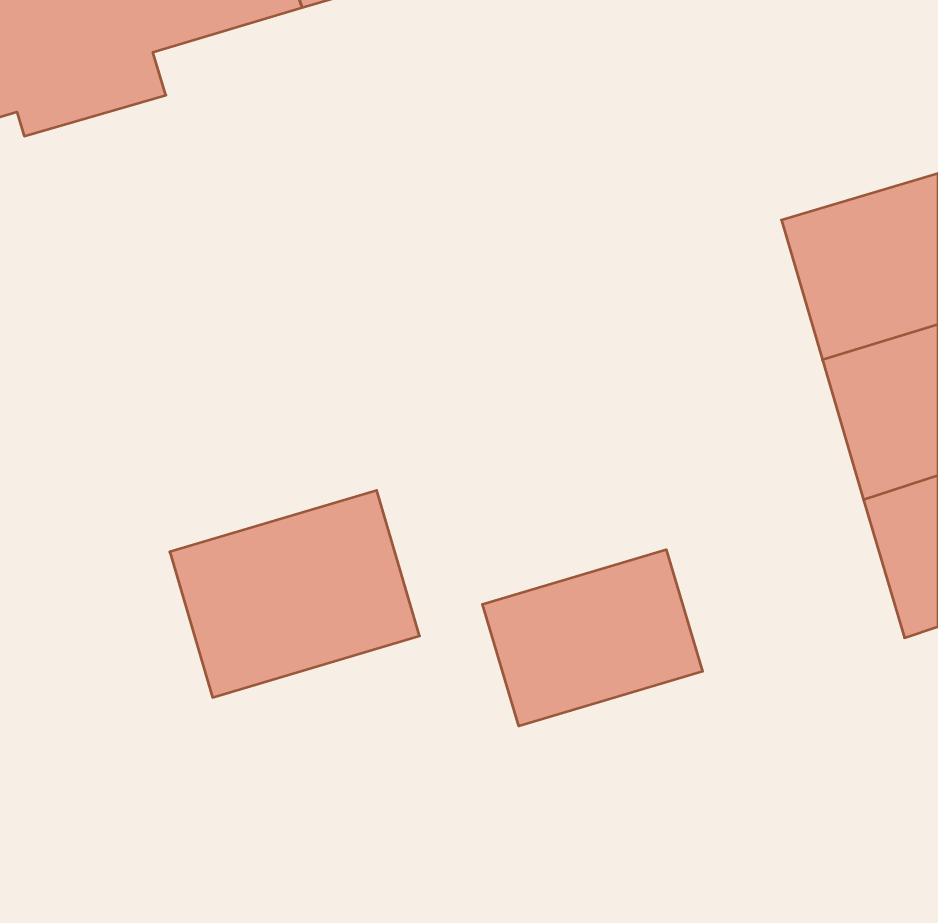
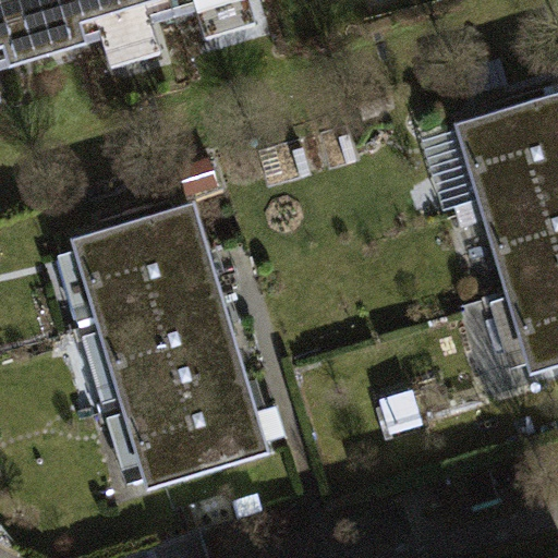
building: none -> [73,202,220,323]
building: [482,550,703,726] -> none
building: none -> [124,372,270,493]

